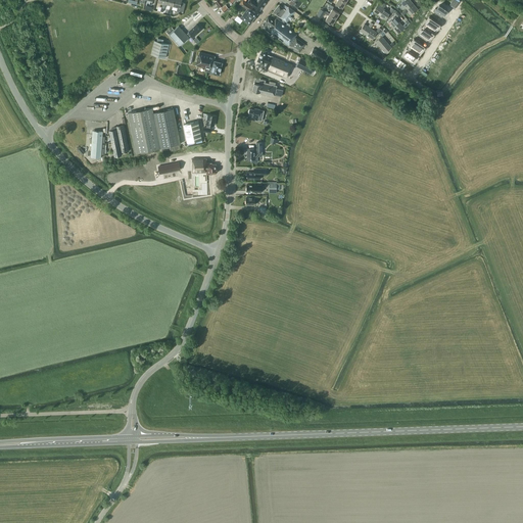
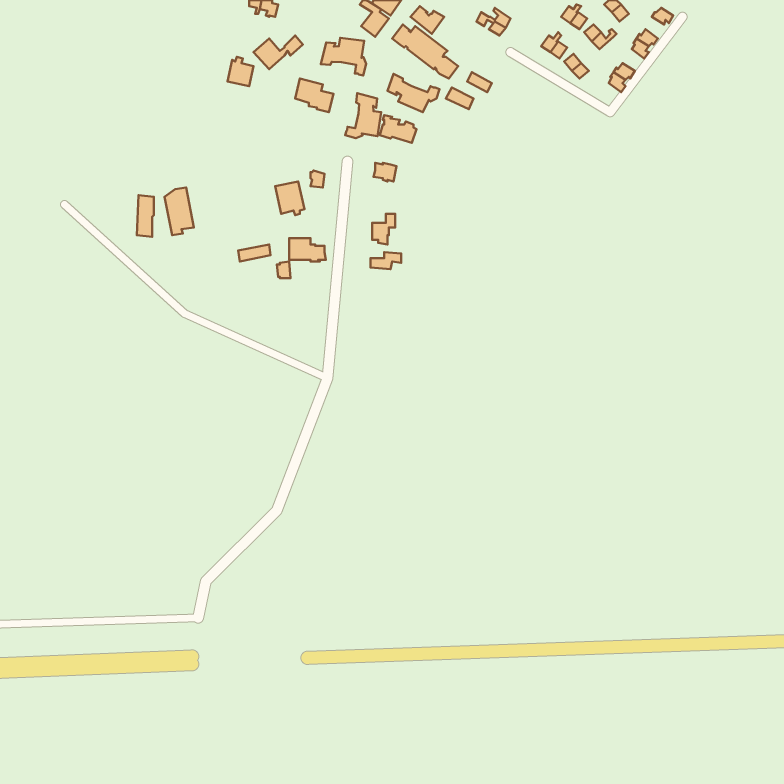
building: none -> [321,38,366,76]
building: none -> [345,93,381,138]
building: [129,108,182,153] -> none

